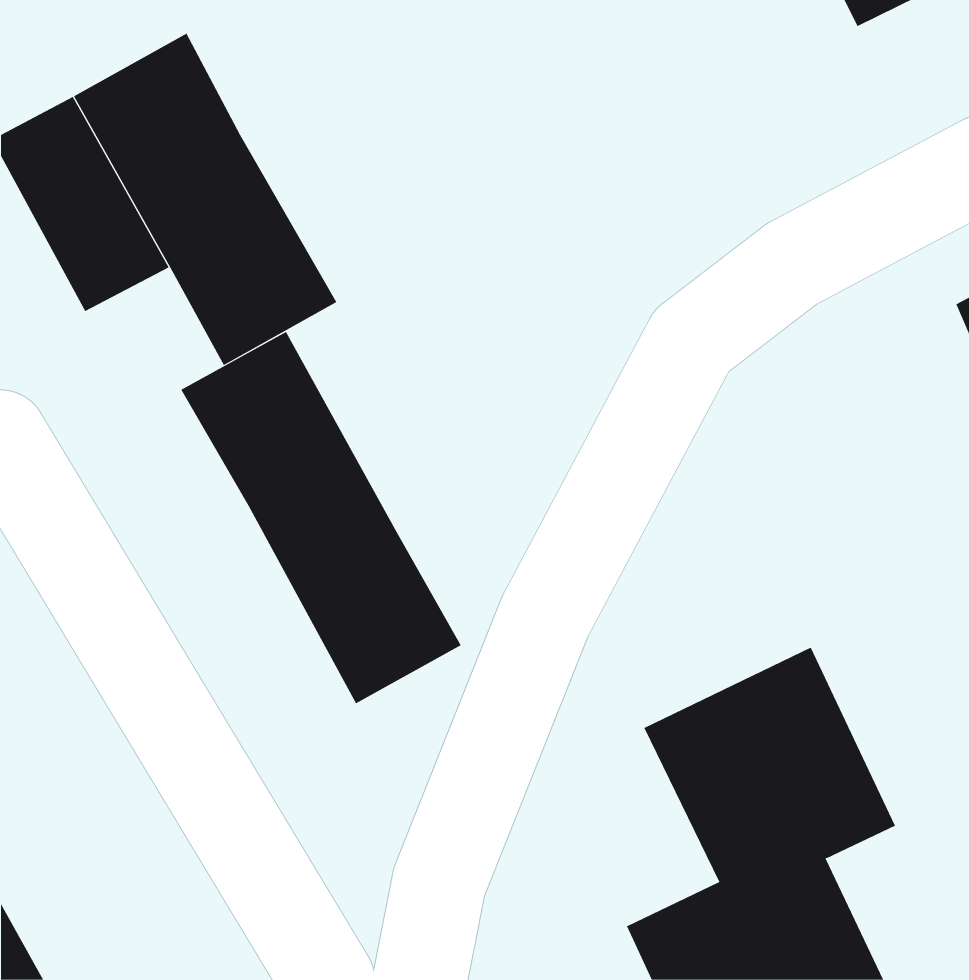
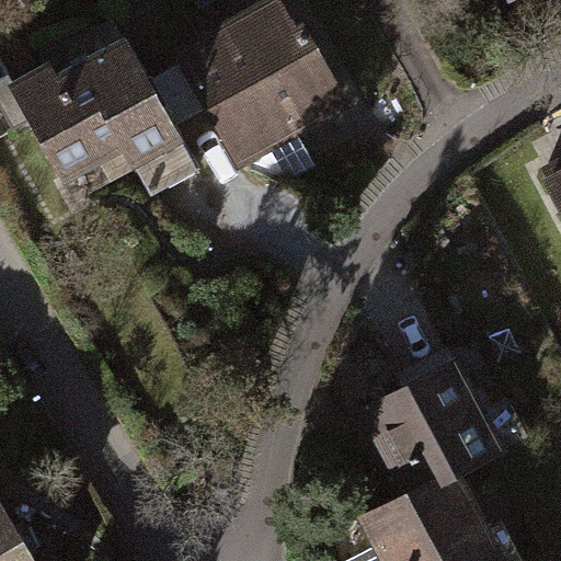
building: none -> [146,5,334,185]
building: [181,331,461,704] -> none

